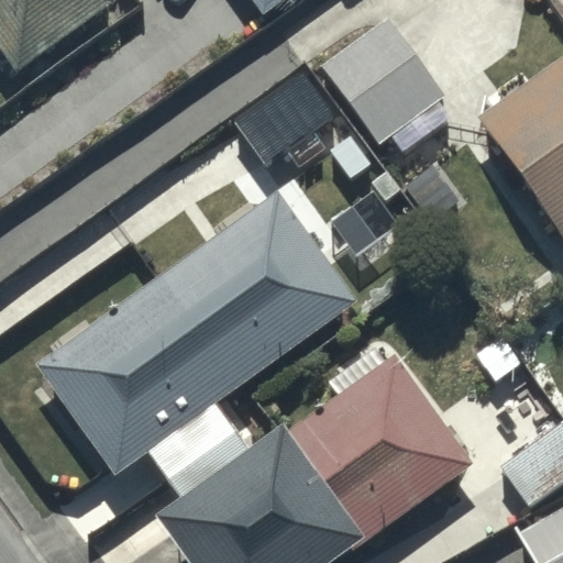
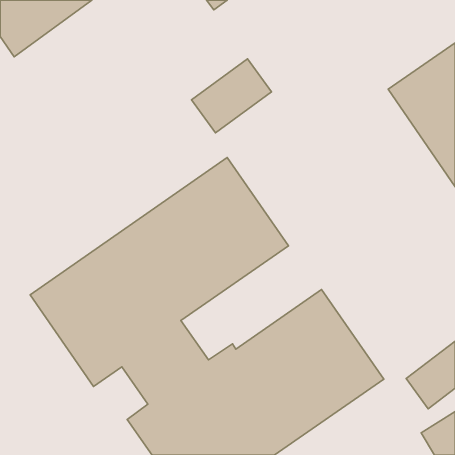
building: [323,18,446,142] -> none

